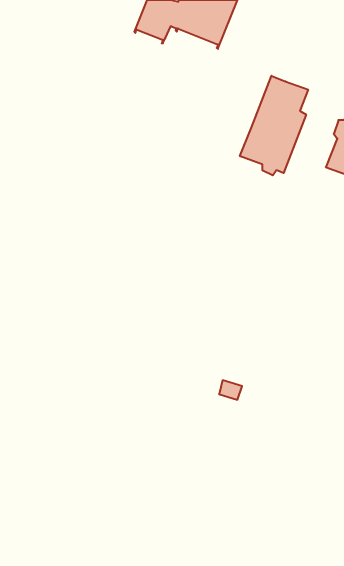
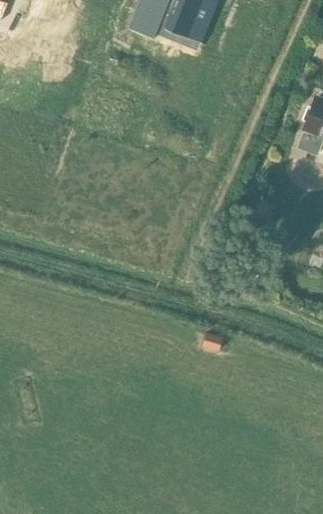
building: [240,76,308,175] -> none

